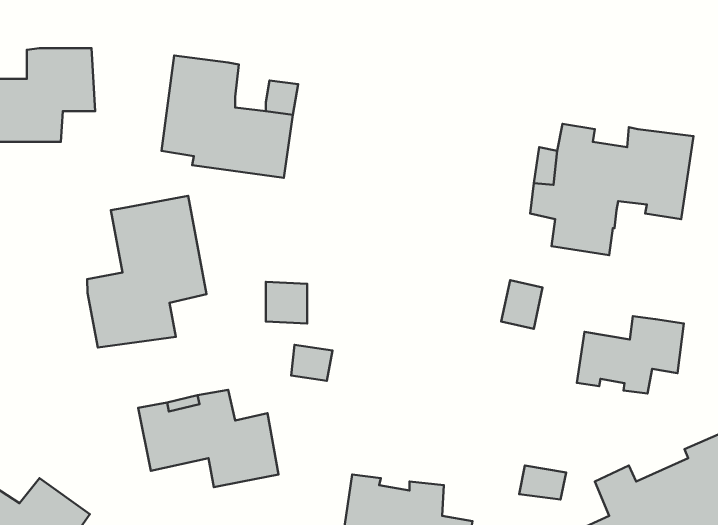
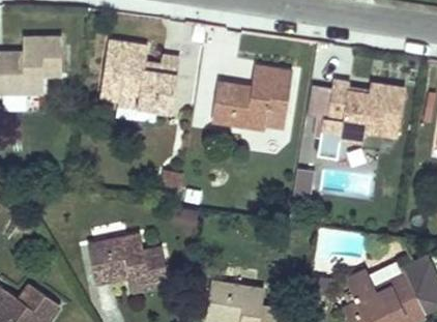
building: none -> [211,65,292,129]
building: [87,196,207,348] -> none
building: [577,316,684,394] -> none

